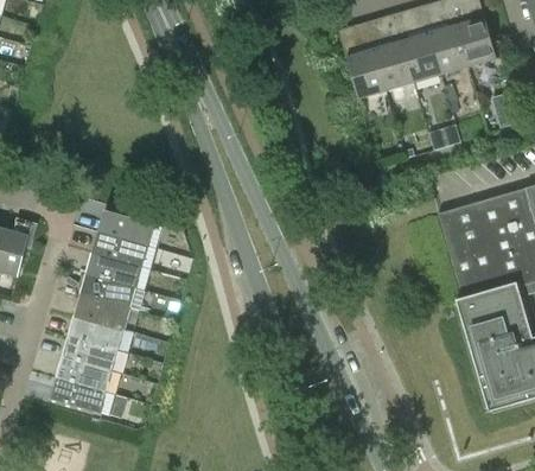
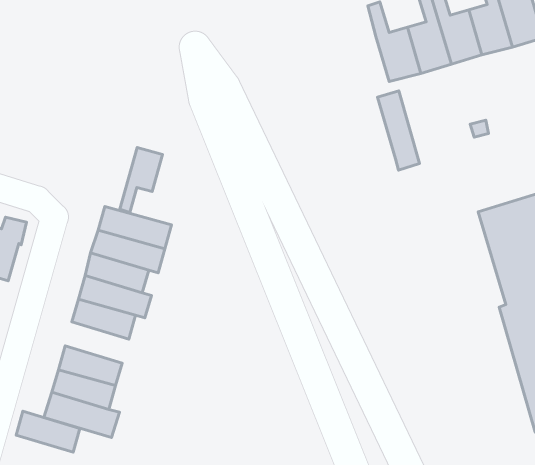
building: none -> [378,91,420,170]
building: none -> [120,147,163,212]
building: [69,313,126,350] -> [16,411,80,452]

